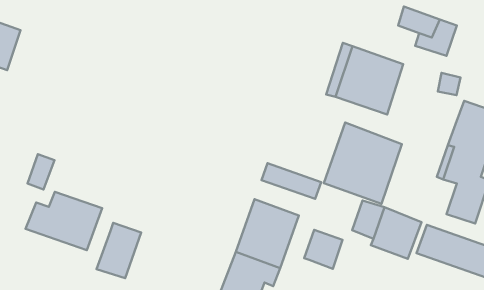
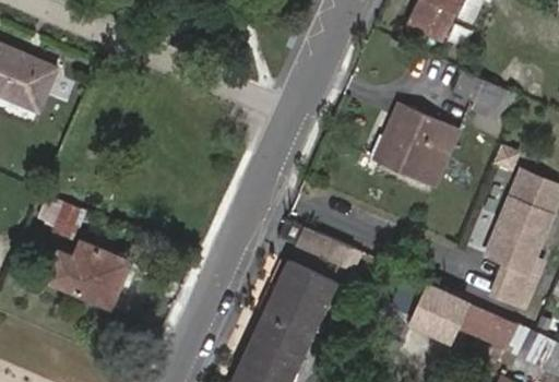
building: [324,122,402,204] -> none
building: [97,223,141,278] -> none
building: [304,230,342,269] -> none

